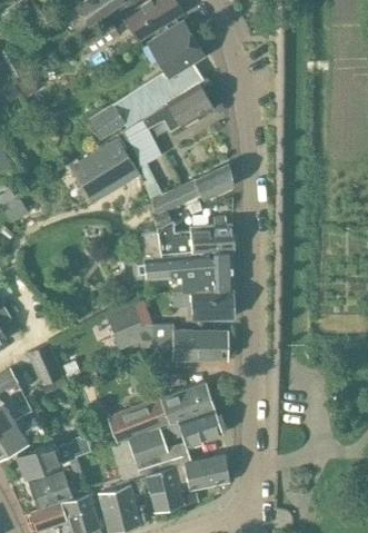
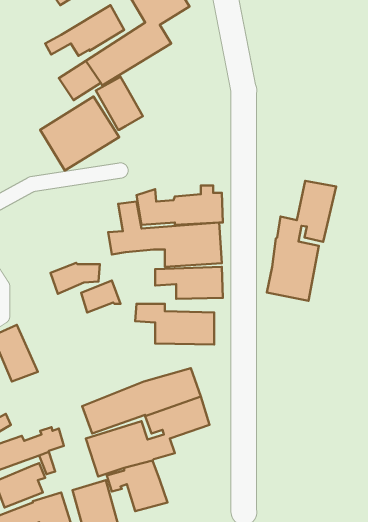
building: [141,86,212,131] -> [45,5,124,56]
building: [152,164,232,227] -> none
building: none -> [267,181,336,301]
building: [111,324,156,352] -> [50,263,100,294]
building: [170,455,228,490] -> none

